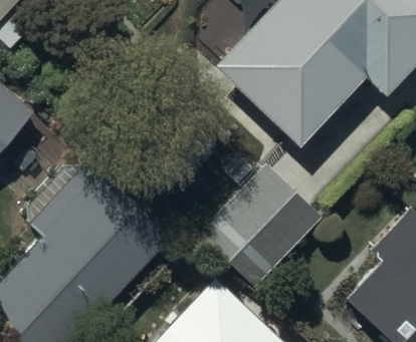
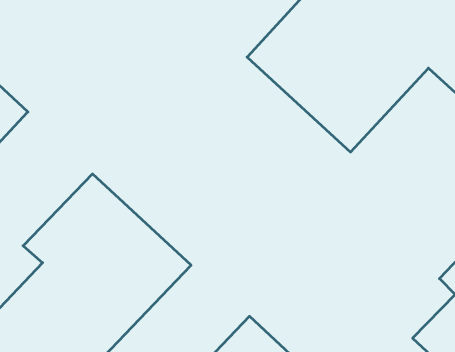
building: [199,163,323,287] -> none

